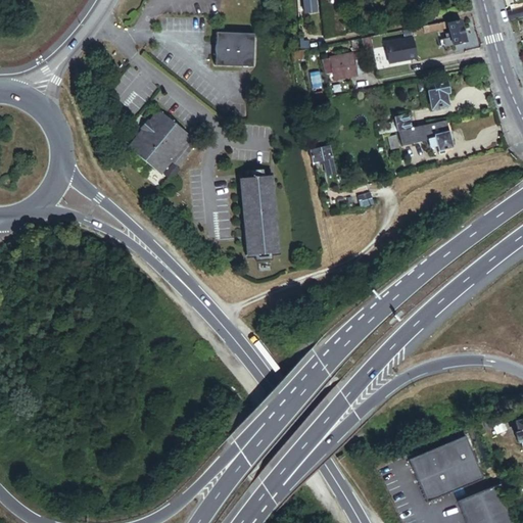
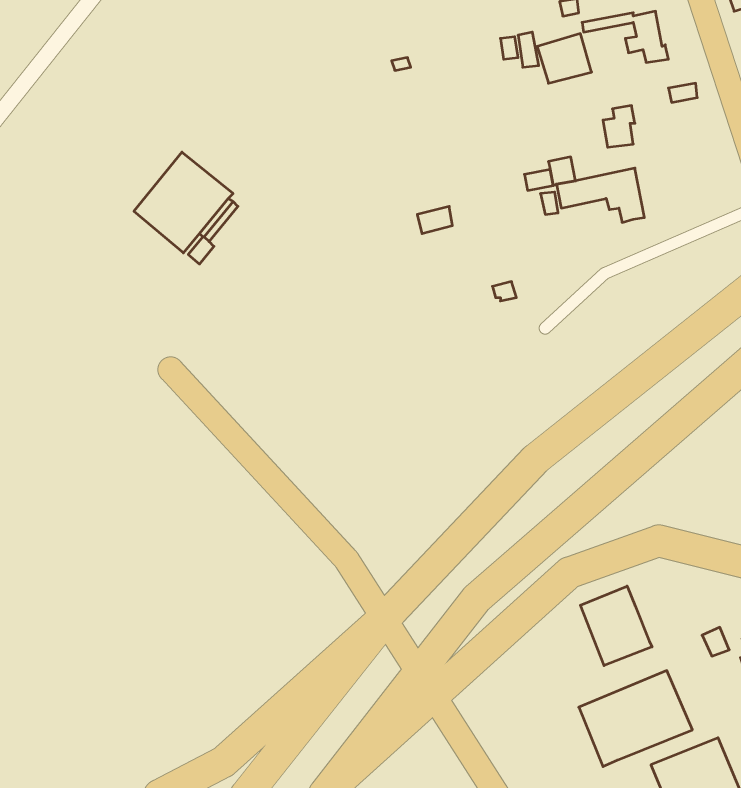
building: [213,32,252,66] -> none
building: [322,50,365,80] -> none
building: [245,176,280,256] -> none
building: none -> [580,586,652,666]

